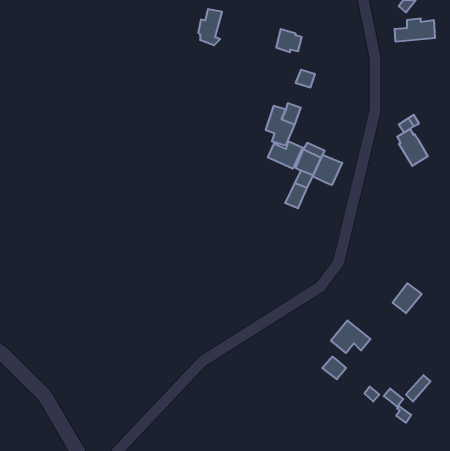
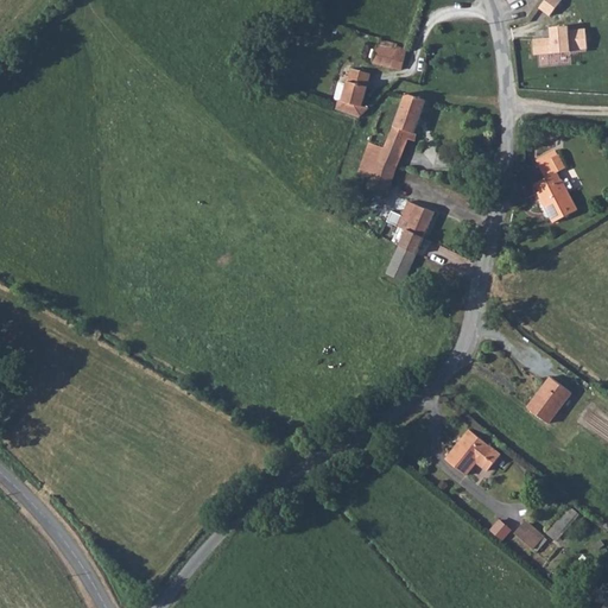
building: [198,9,222,45] -> [337,69,369,118]
building: none -> [387,112,418,145]
building: [268,141,303,169] -> none
building: [313,155,342,185] -> none
building: [322,357,346,379] -> none

